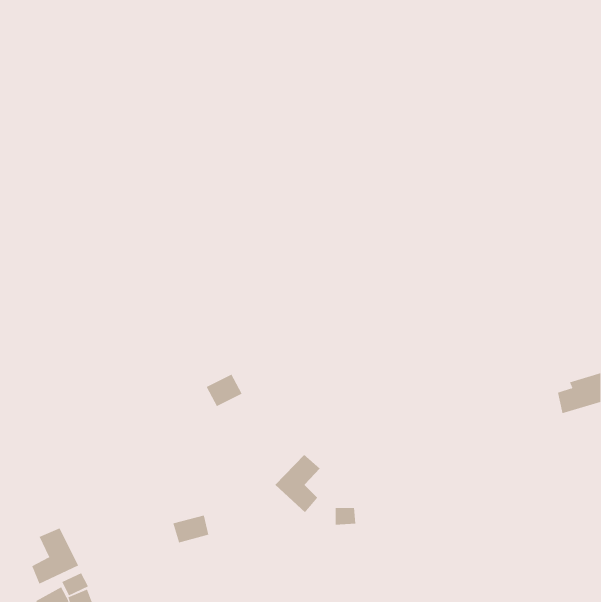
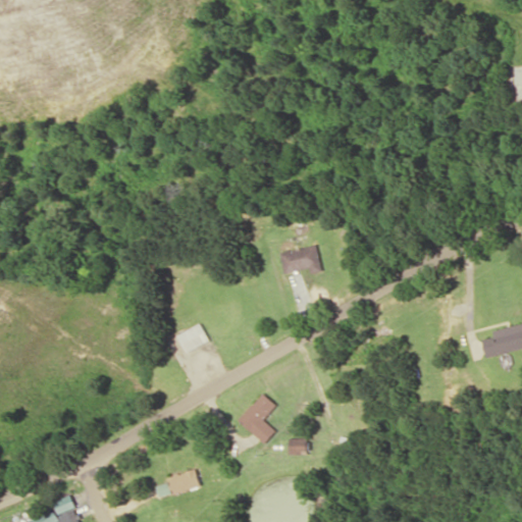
building: none -> [278,245,320,274]
building: [173,515,209,543] -> [168,470,200,494]
building: [31,528,79,584] -> none

